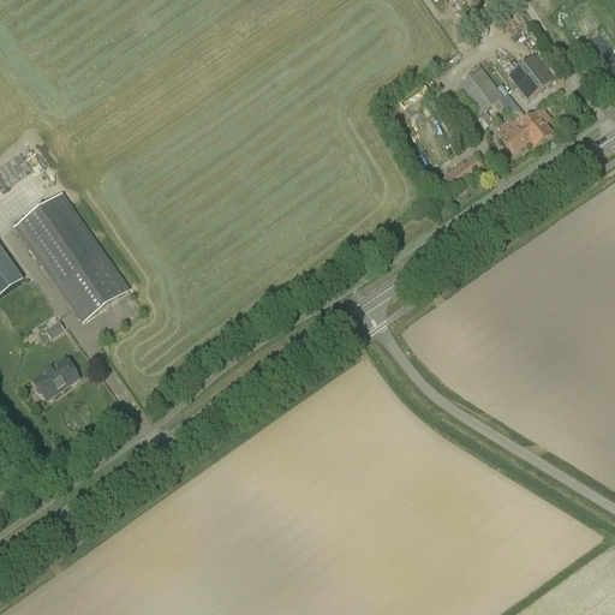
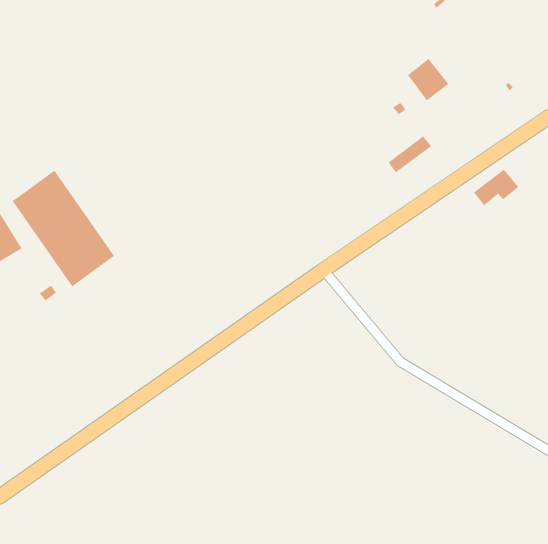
building: [507,50,555,97] -> none
building: [500,109,551,151] -> [473,169,519,206]
building: [30,353,79,400] -> none

